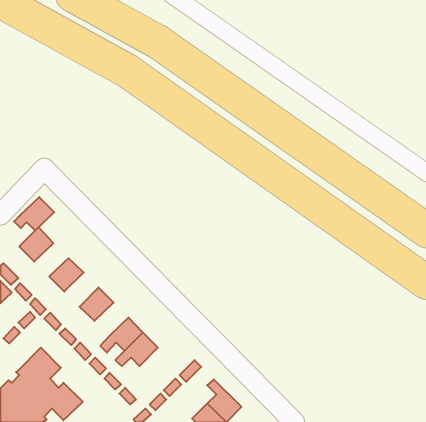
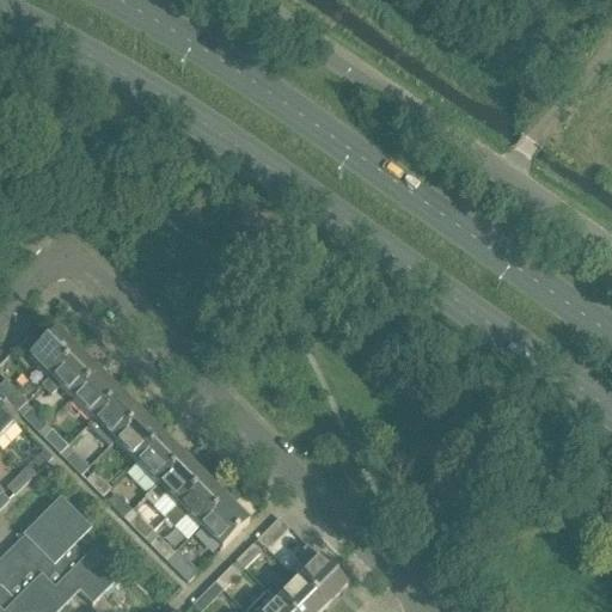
building: [14,197,54,231] -> [42,348,99,396]
building: none -> [87,390,142,445]
building: none -> [136,433,185,481]
building: none -> [201,497,249,545]

